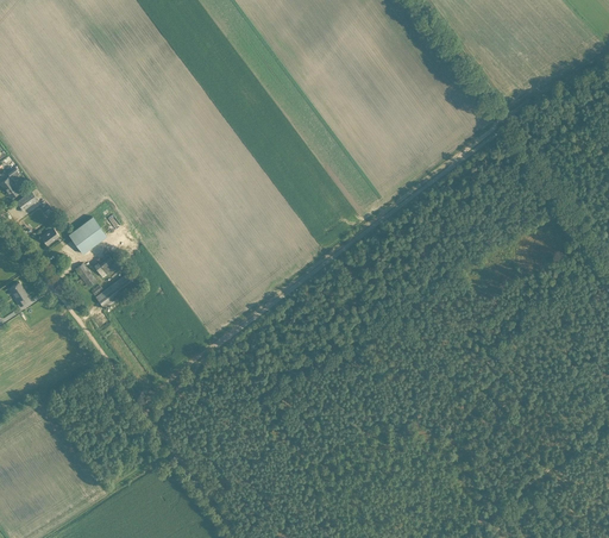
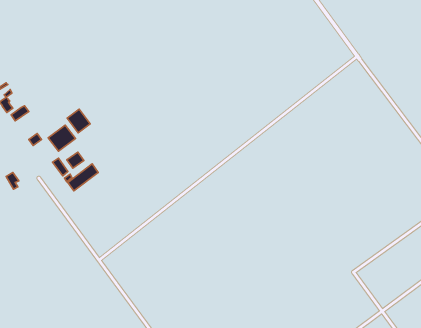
building: none -> [67,109,90,133]

